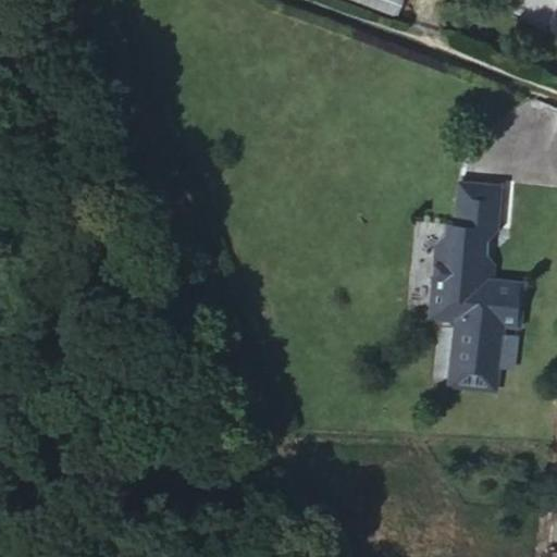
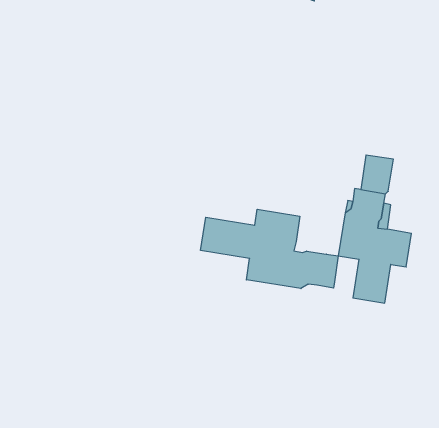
building: none -> [201,209,338,289]

